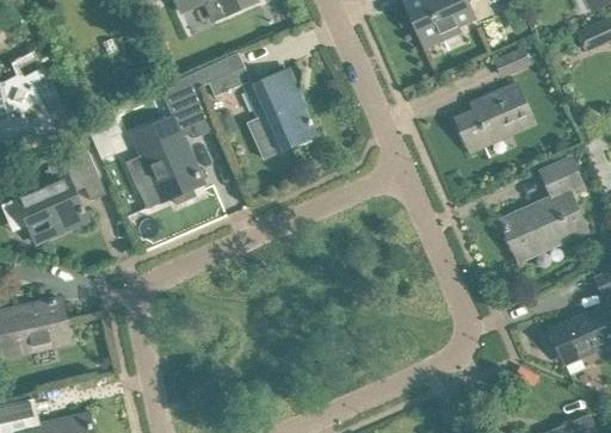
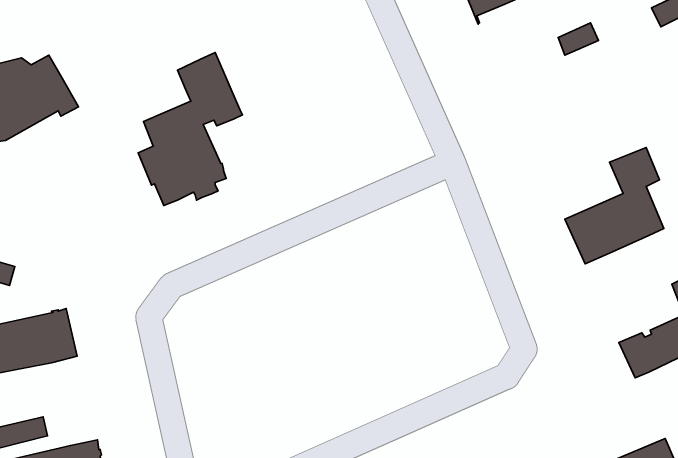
building: [193,51,251,95] -> none
building: [246,69,314,157] -> none
building: [456,83,533,150] -> none
building: [16,149,106,242] -> none

